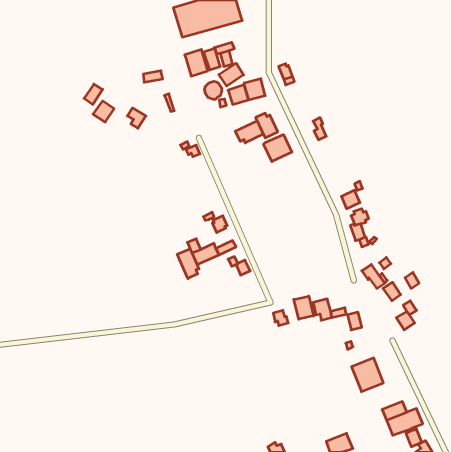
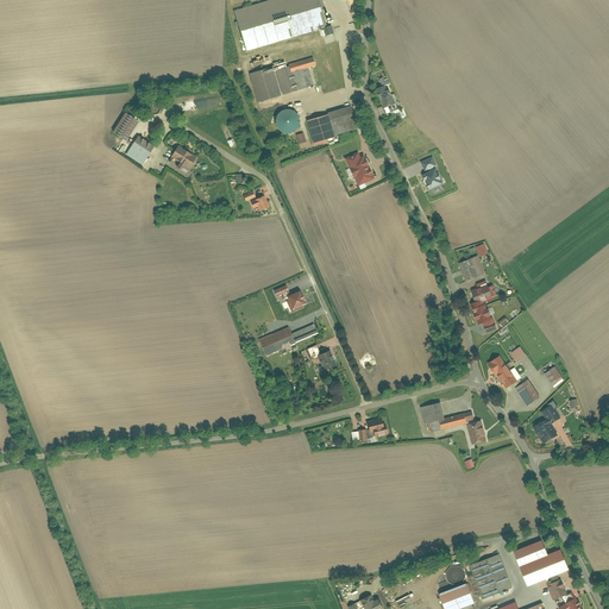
building: [219,63,244,86] -> none
building: [235,121,263,143] -> none
building: [264,135,292,162] -> none
building: [177,249,199,279] -> none
building: [294,296,314,319] -> none
building: [352,358,383,392] -> [469,553,511,598]

